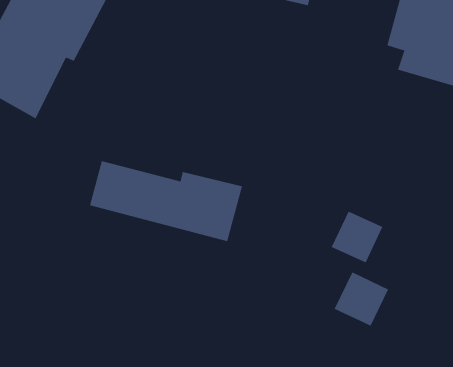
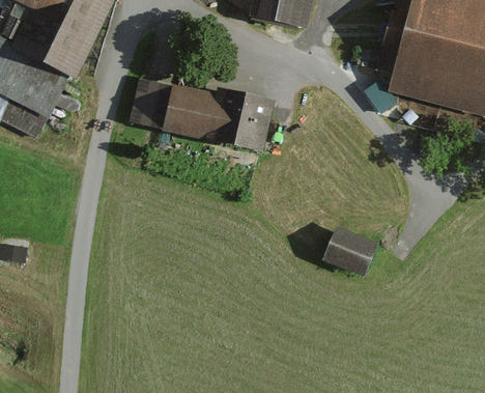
building: [89,161,243,242] -> [125,74,275,152]
building: [334,272,389,327] -> none

